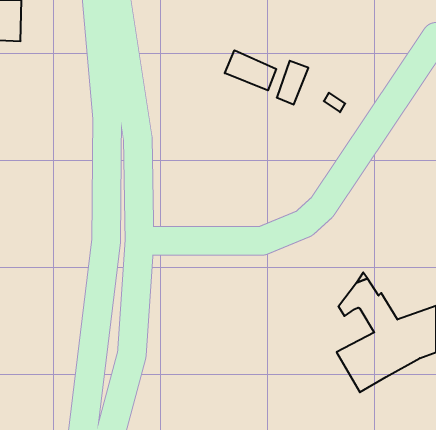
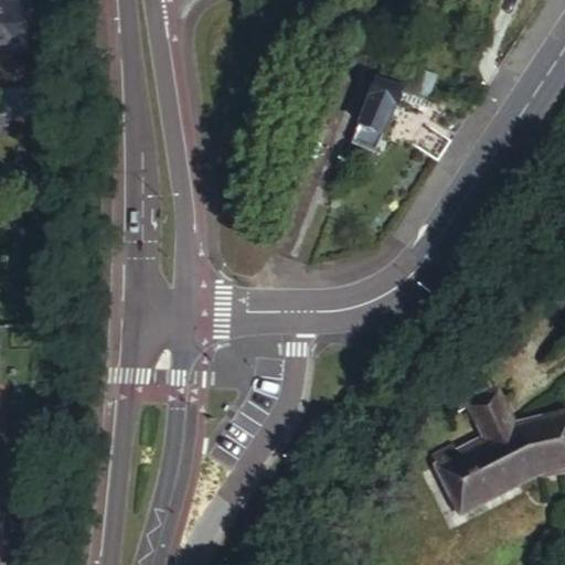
building: [225,50,276,90] -> none

